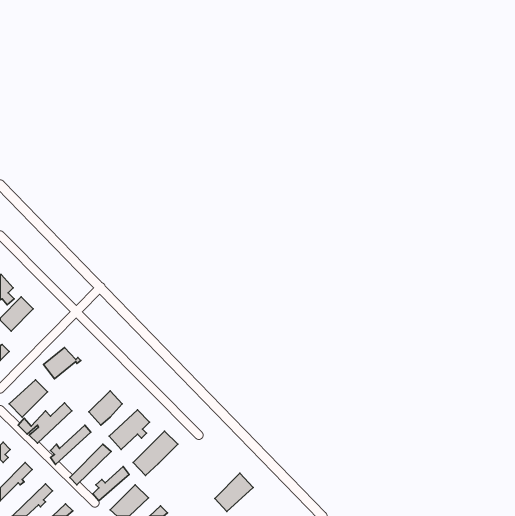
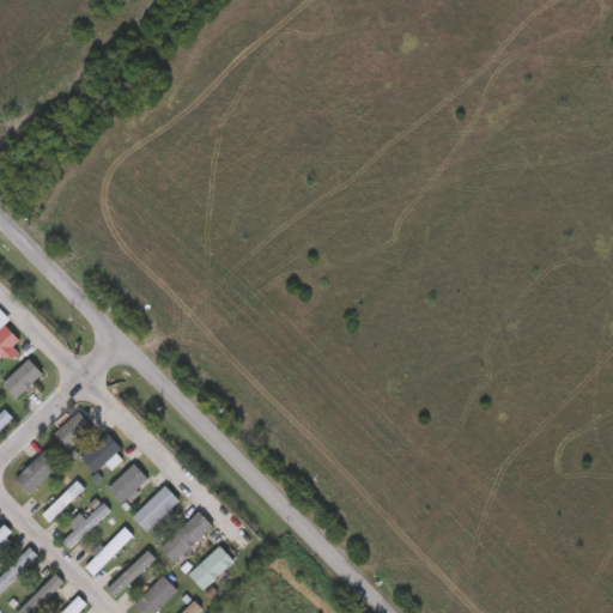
building: none -> [80,432,121,472]
building: [215,473,253,512] -> [188,545,233,590]

